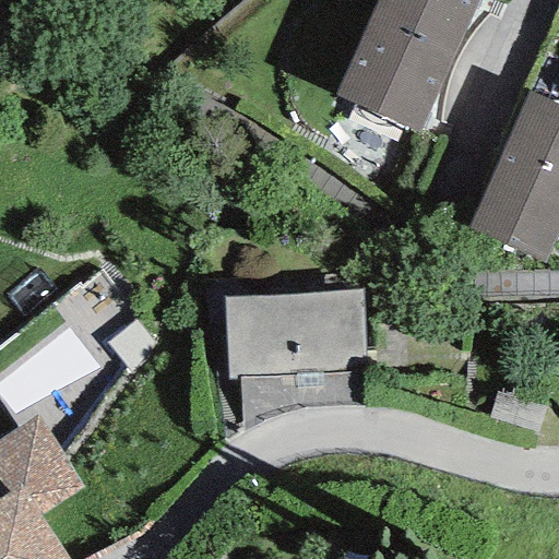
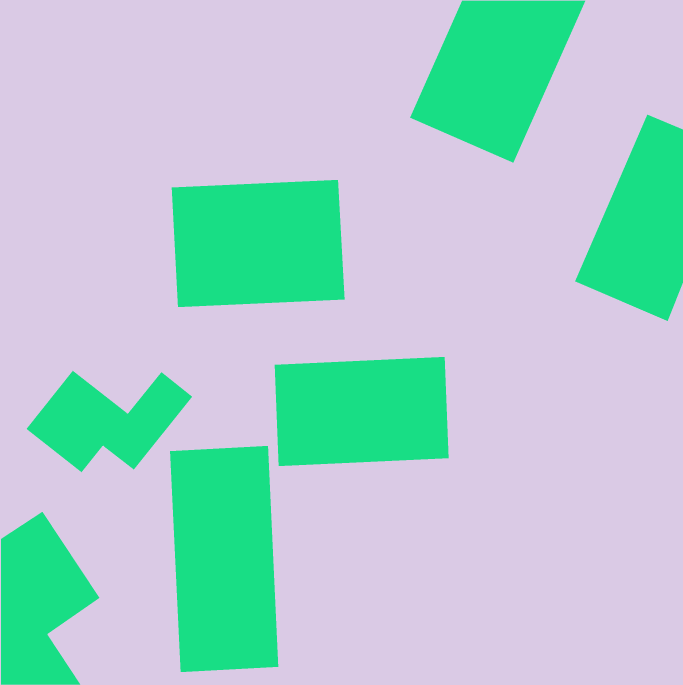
building: none -> [171,179,345,308]
building: none -> [170,445,279,673]

